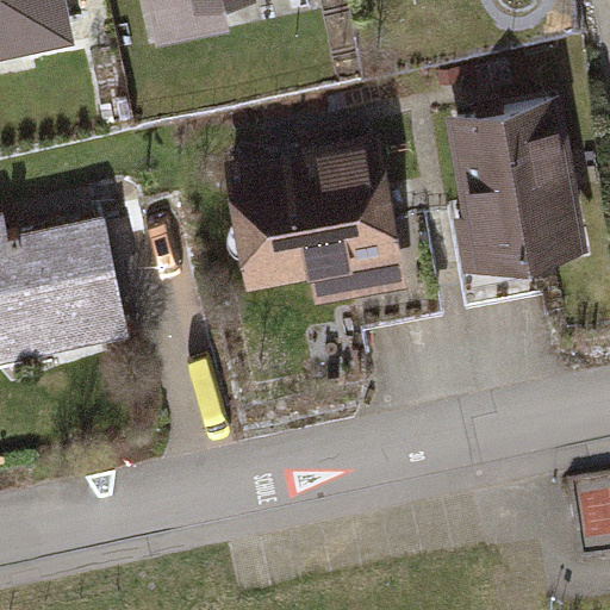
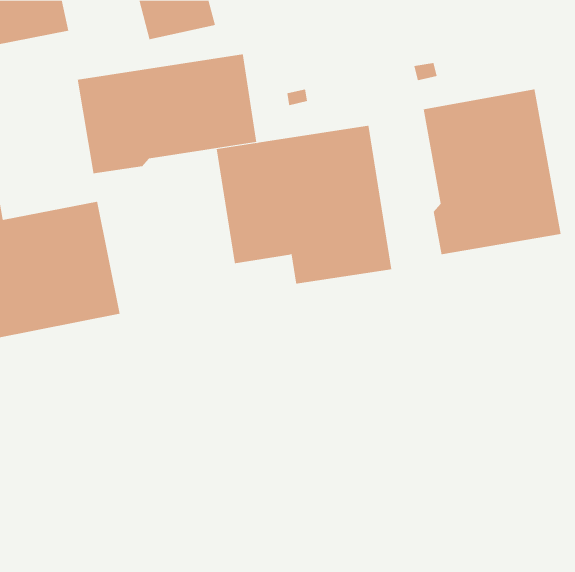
building: none -> [77,53,257,174]

